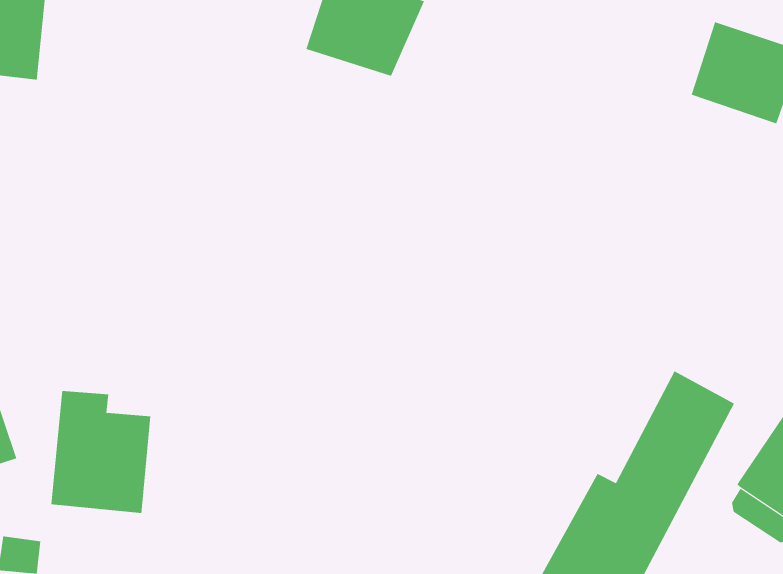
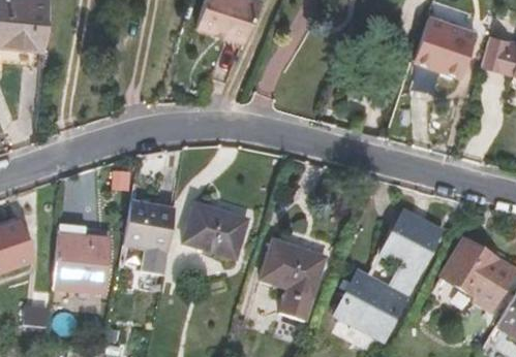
building: none -> [123,198,175,274]
building: none -> [182,201,248,258]
building: none -> [261,239,325,318]

